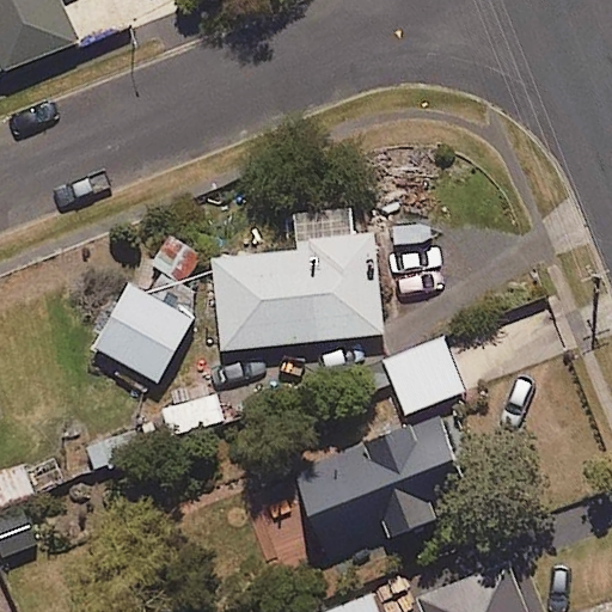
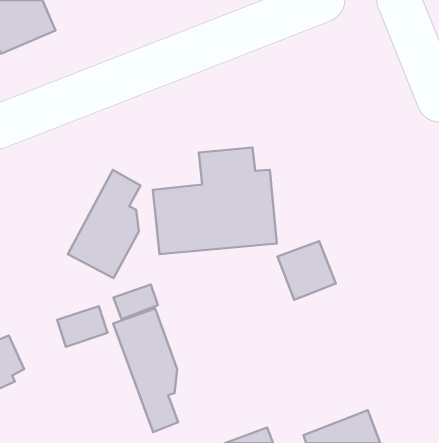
building: [292,416,472,562] -> none
building: none -> [113,309,178,432]

